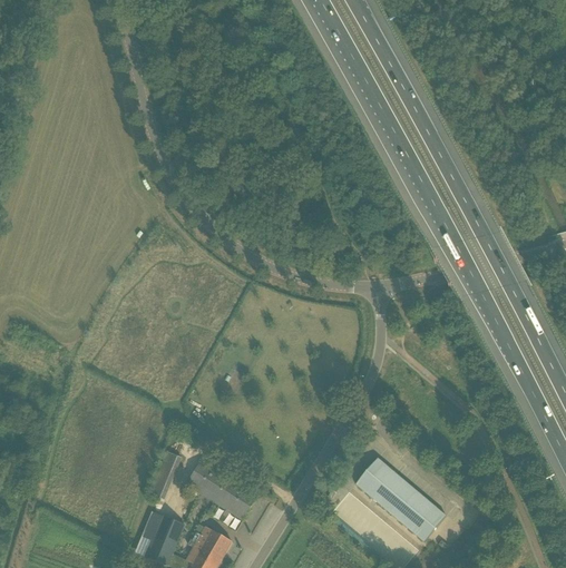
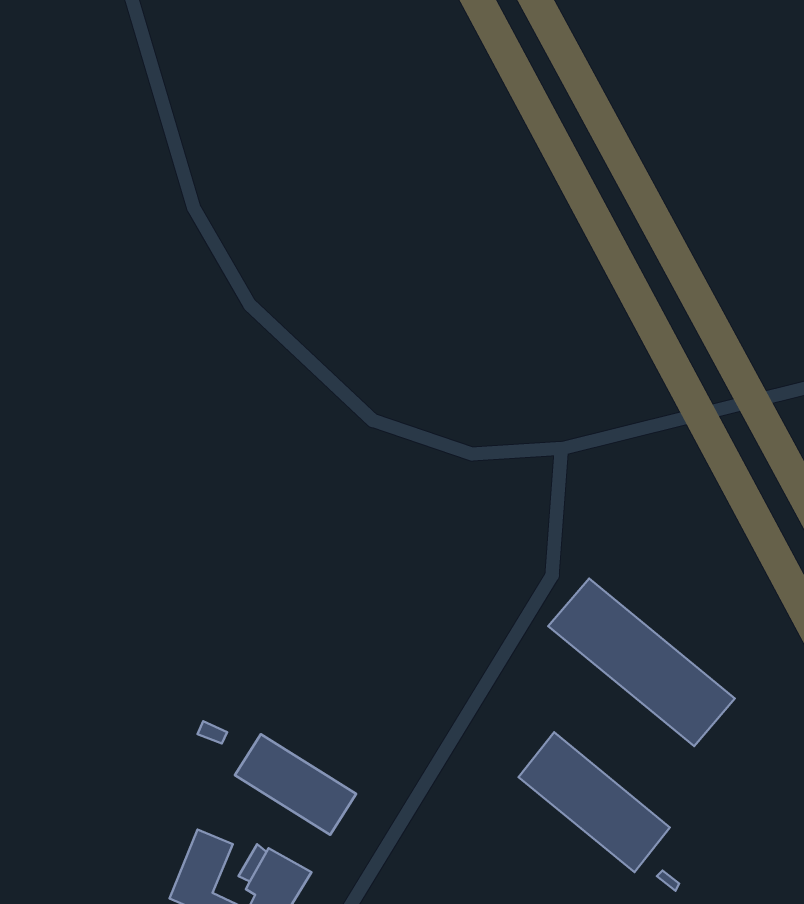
building: none -> [548,579,735,746]

